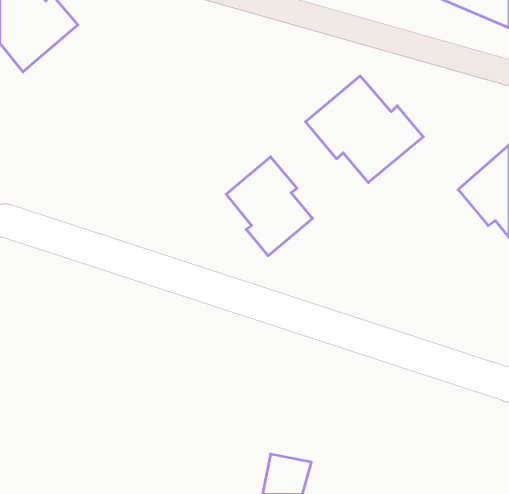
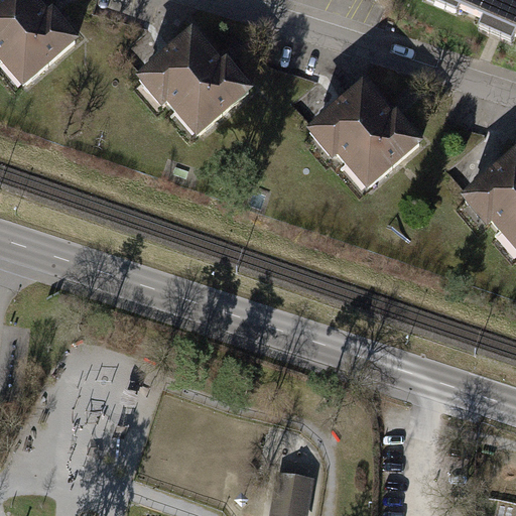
building: none -> [134,30,253,138]
building: [226,157,313,256] -> none

